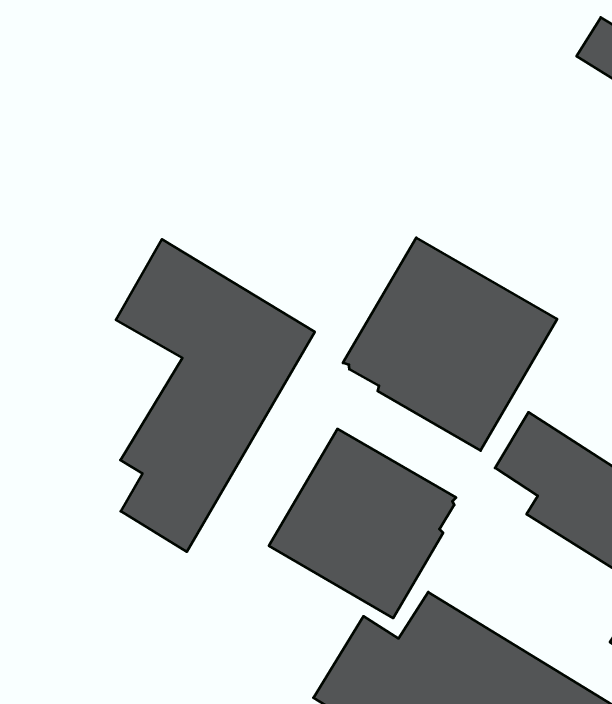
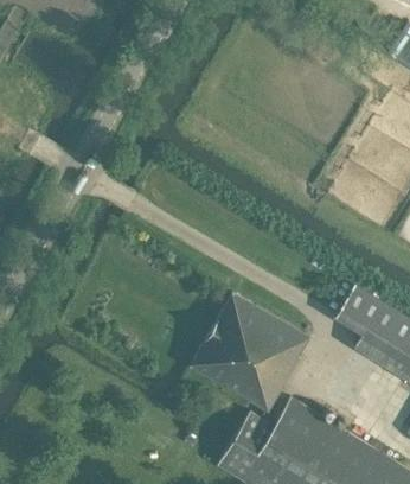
building: [343,238,557,451] -> none
building: [116,239,315,552] -> none

